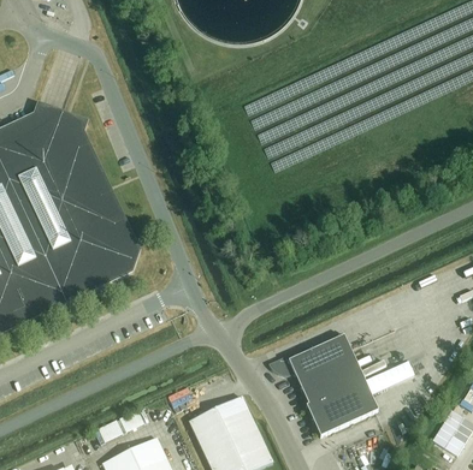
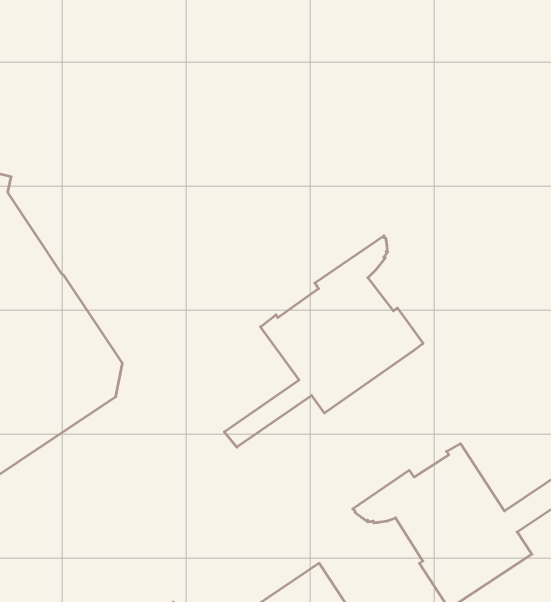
building: none -> [224,236,423,447]

